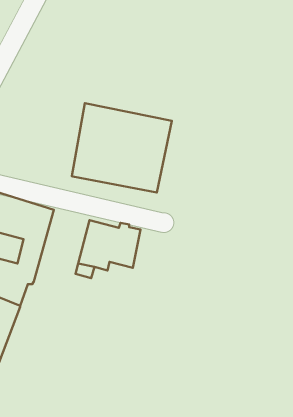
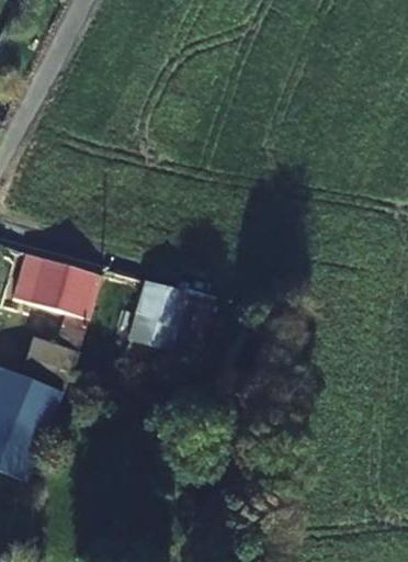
building: [72,103,172,193] -> none

